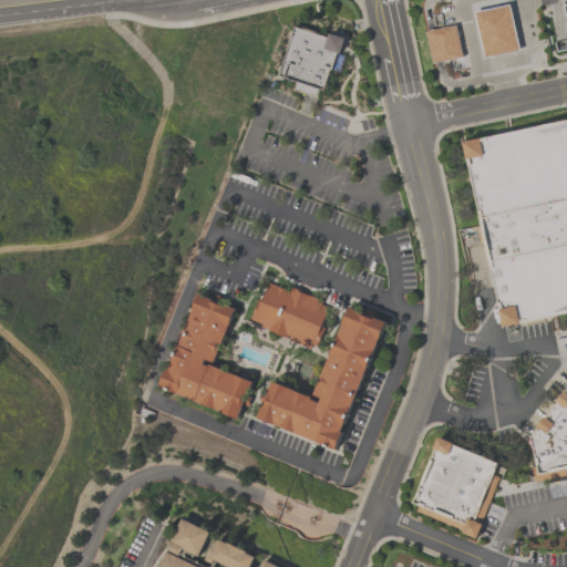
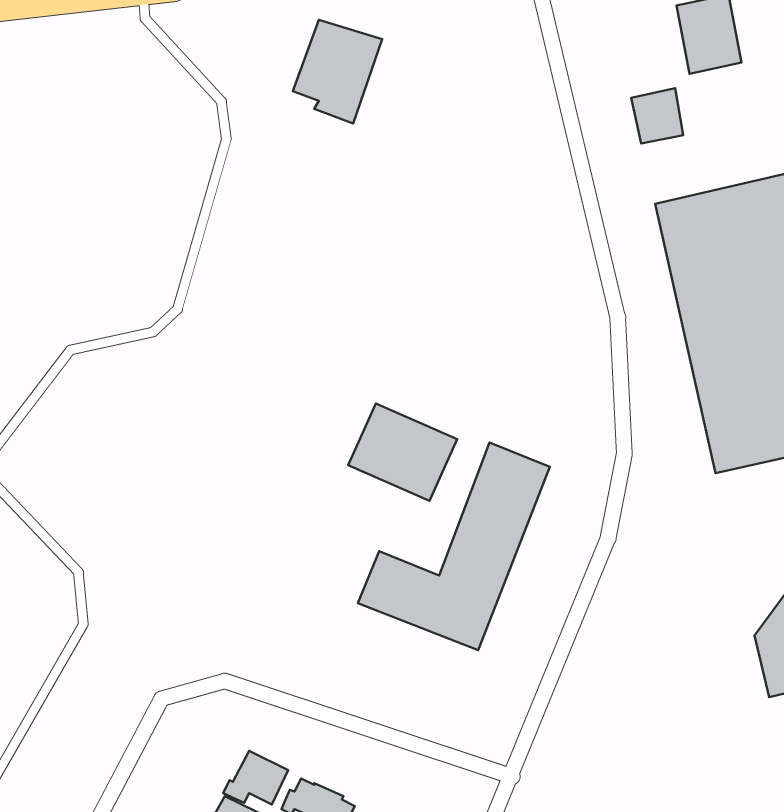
building: [427,24,463,62] -> [631,88,683,143]
building: [278,25,339,96] -> [293,20,382,124]
building: [163,295,256,417] -> none
building: [411,437,506,532] -> none

